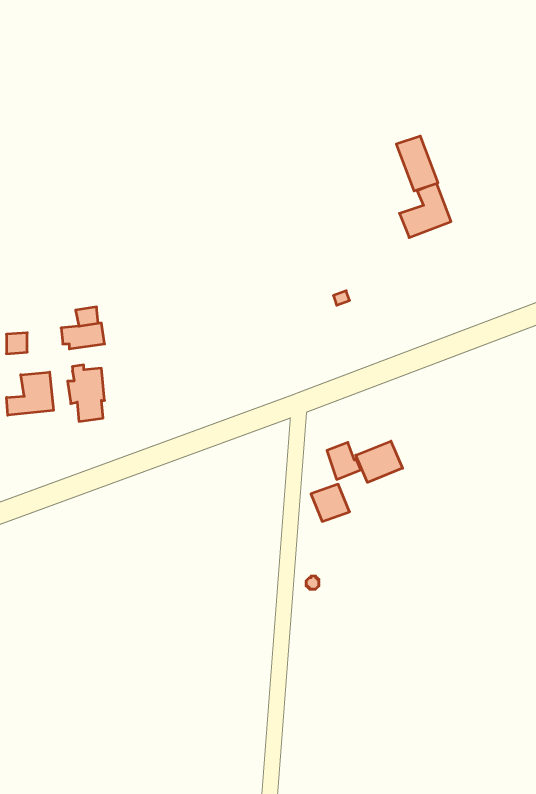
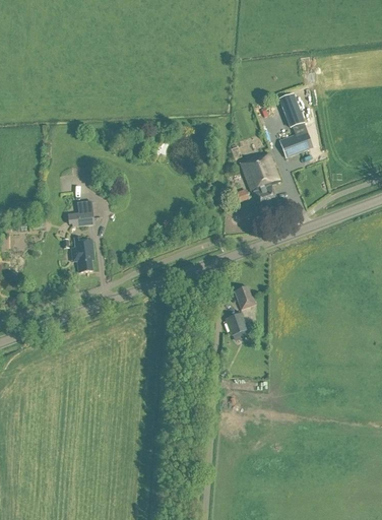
building: none -> [241,152,280,207]
building: [7,372,53,415] -> none
building: [356,441,403,482] -> none

